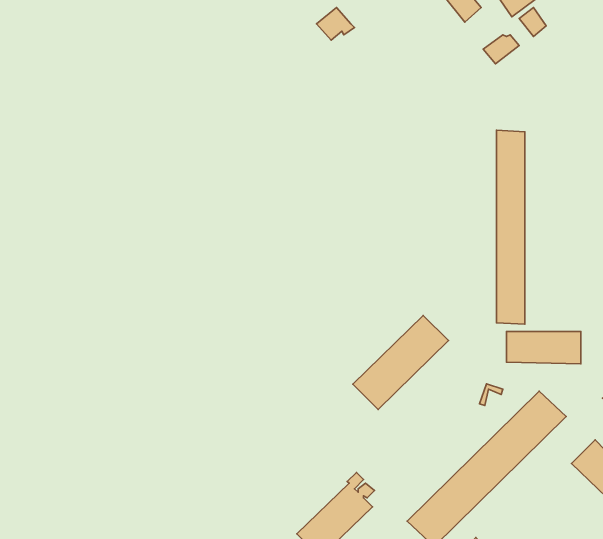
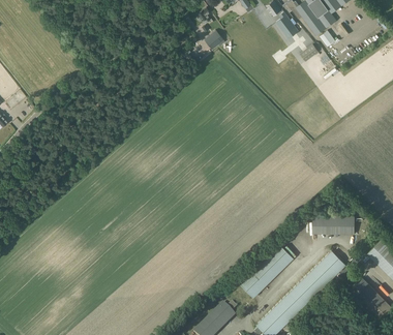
building: [496,130,525,324] -> none
building: [353,315,449,409] -> [238,244,293,298]

